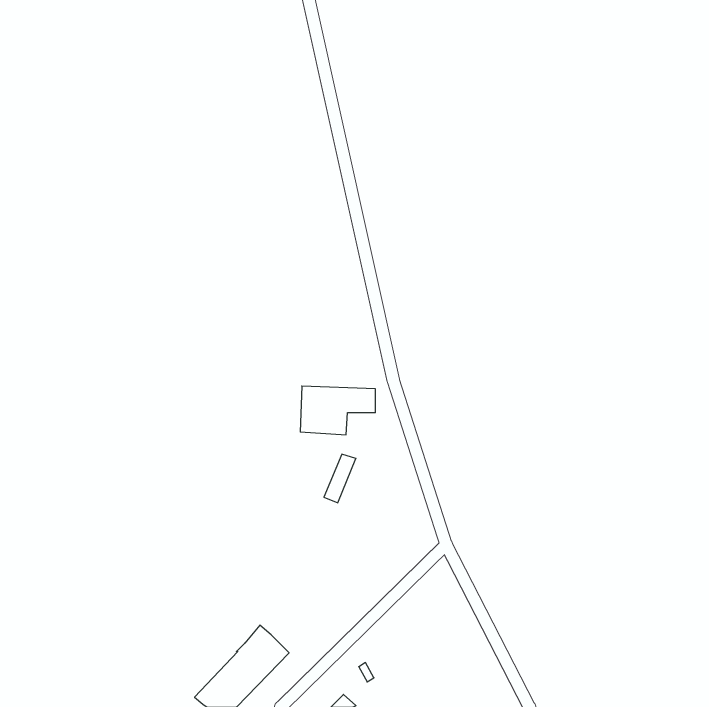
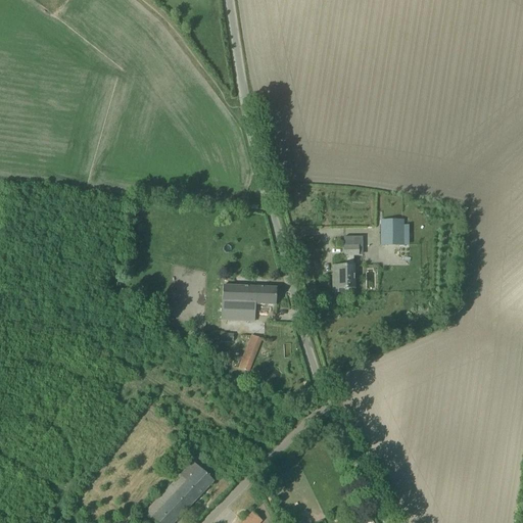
building: none -> [381,220,402,244]
building: none -> [334,245,359,291]

